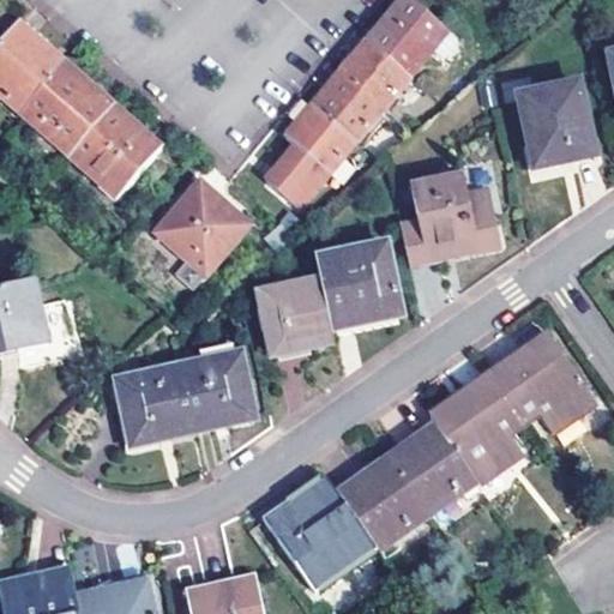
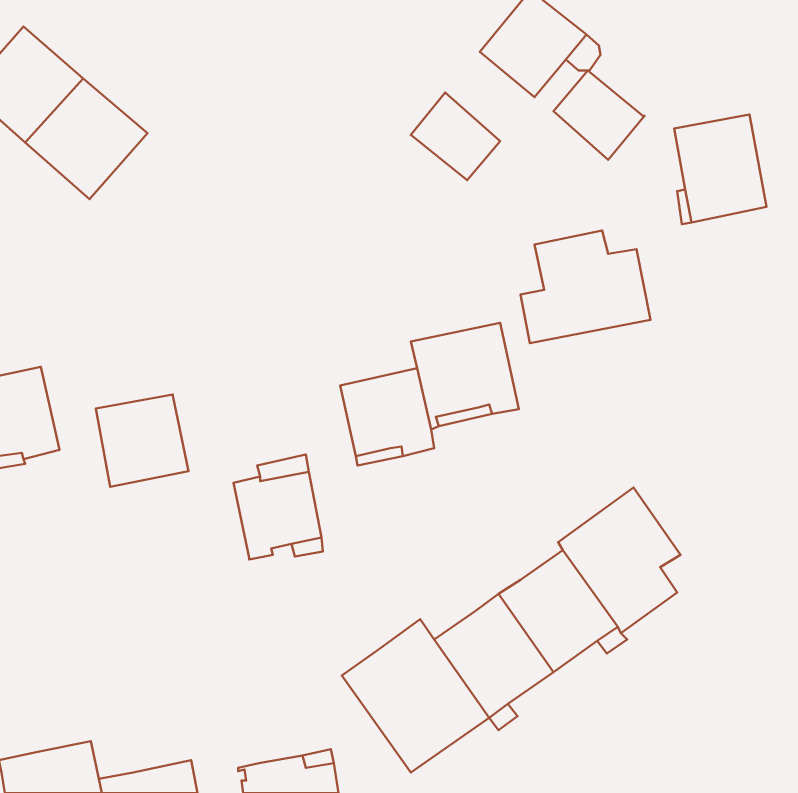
building: [341,40,410,108] -> [553,71,644,160]
building: [68,102,159,193] -> none
building: [267,103,357,206] -> none
building: [157,179,249,271] -> none
building: [484,332,592,432] -> none
building: [120,368,191,439] -> [96,394,188,487]

